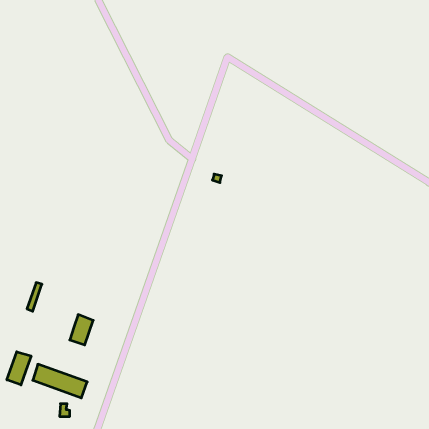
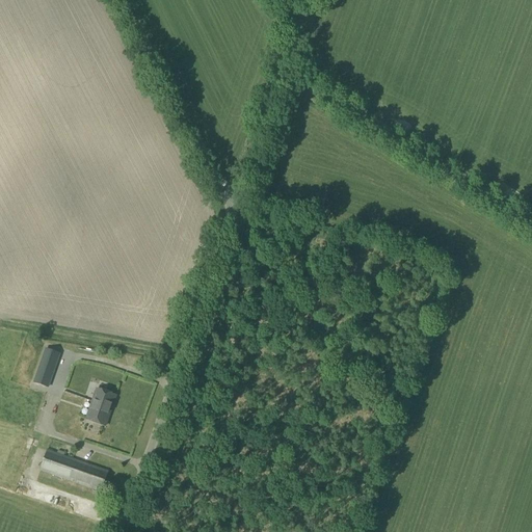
building: [7,352,31,385] -> none

